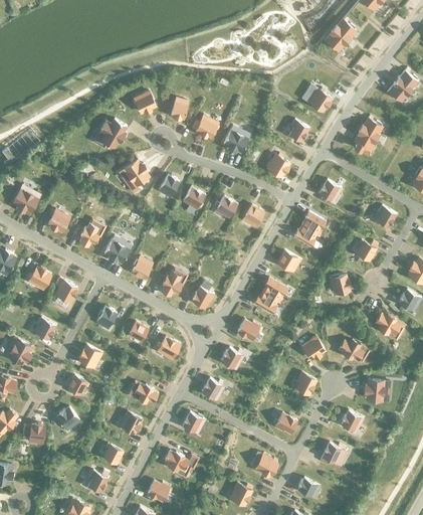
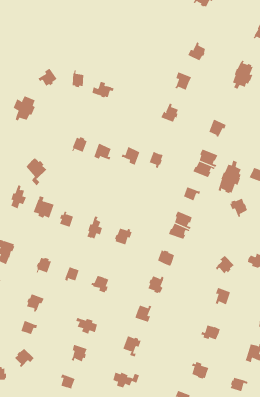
building: [222,126,247,153] -> none
building: [124,160,148,193] -> [26,157,47,186]
building: none -> [218,160,241,194]

